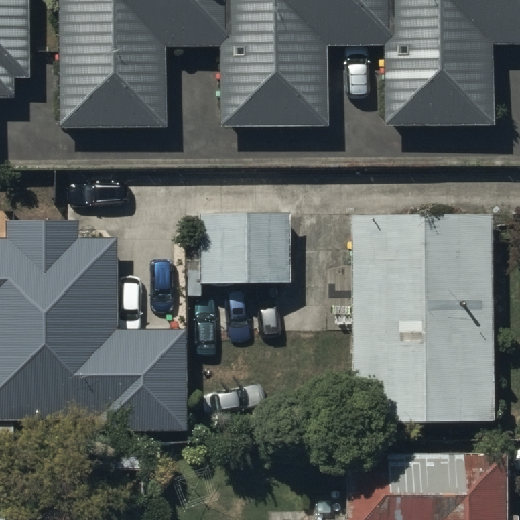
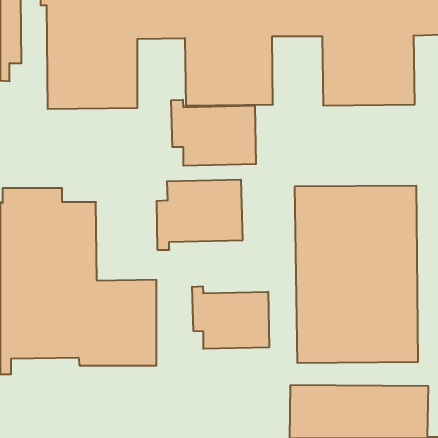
building: none -> [171,100,256,166]
building: none -> [192,286,269,349]

